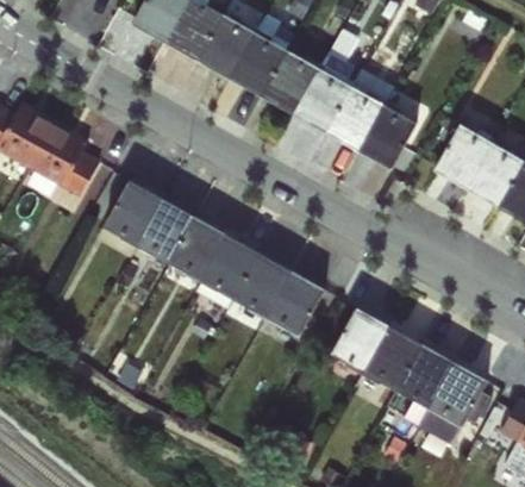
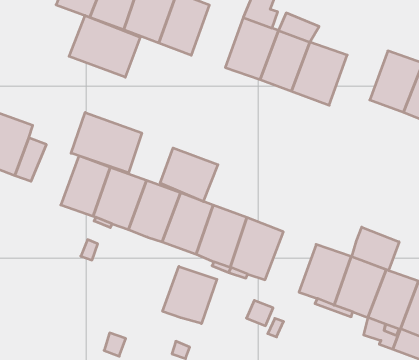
building: none -> [69,15,140,77]
building: [261,49,319,114] -> none
building: none -> [71,112,142,173]
building: none -> [160,148,218,202]
building: none -> [352,227,399,271]
building: none -> [163,266,217,324]

